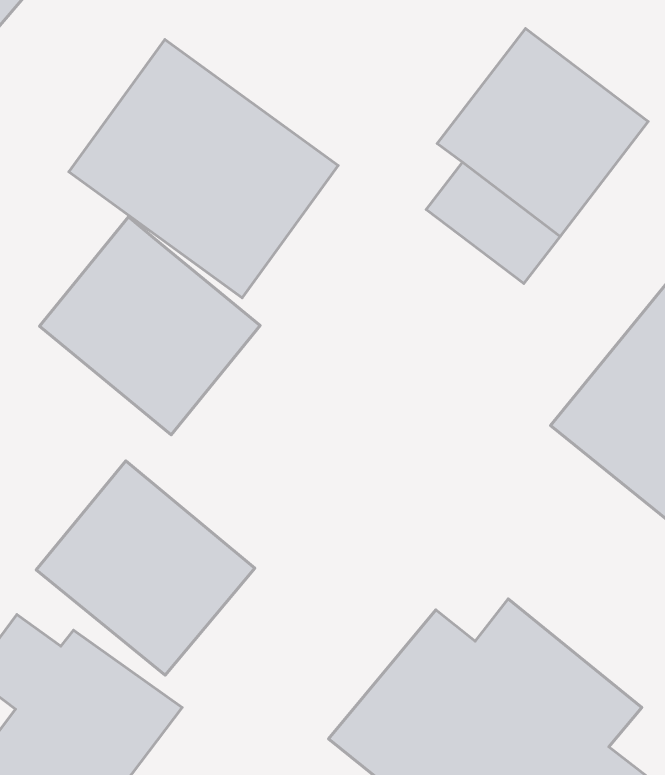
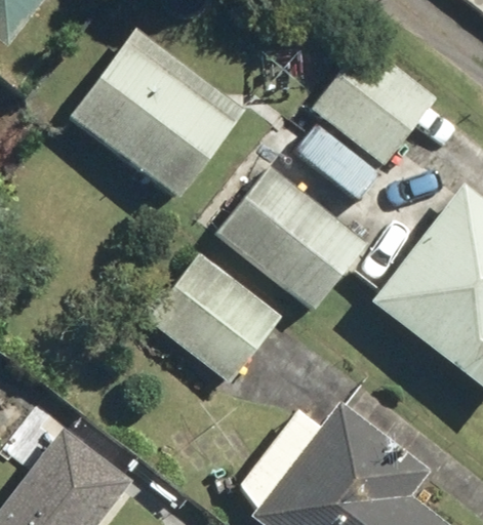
building: [40,217,260,435] -> none
building: none -> [216,171,370,318]
building: [36,461,255,675] -> [140,247,283,387]

